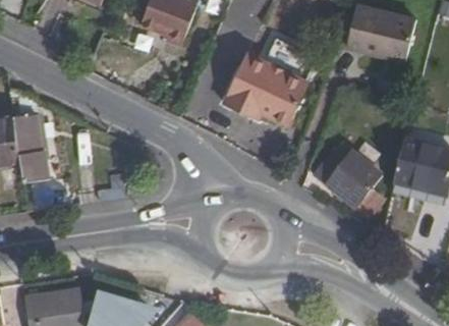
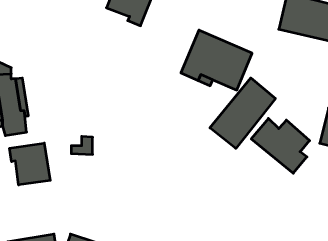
building: none -> [210,78,275,148]
building: none -> [10,143,50,185]

